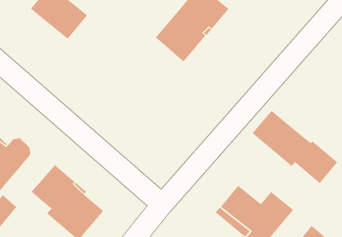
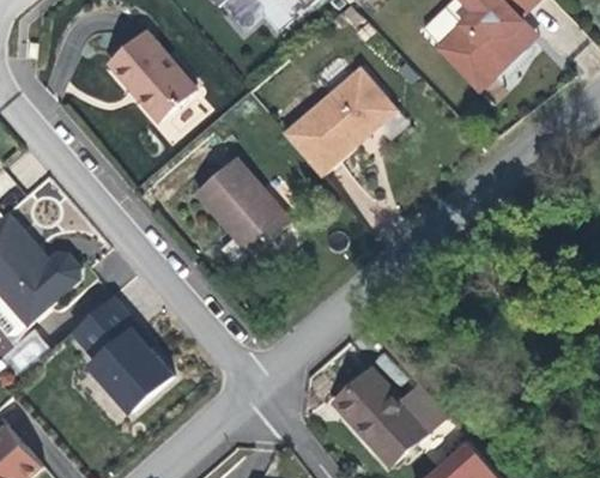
building: none -> [199,162,292,256]
building: [251,110,338,184] -> none

